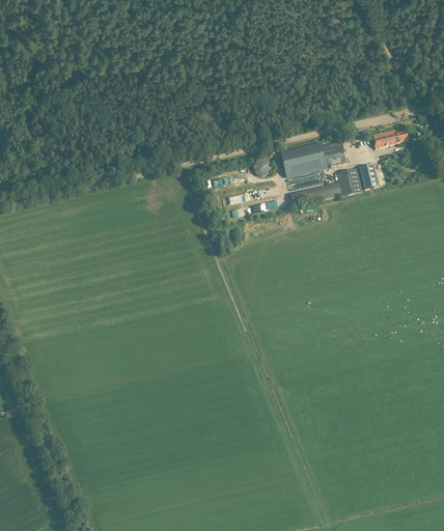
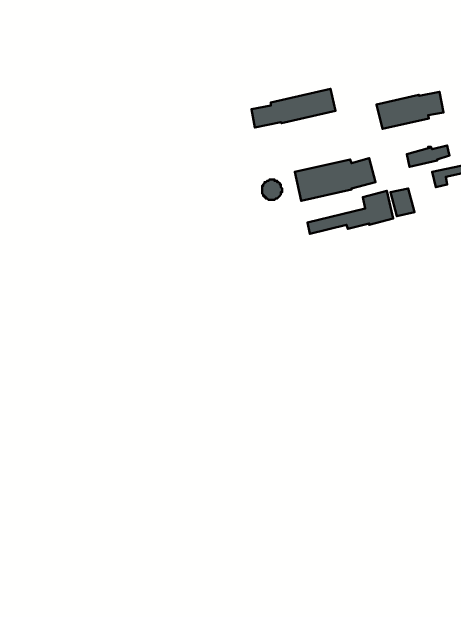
building: none -> [252,89,336,128]
building: none -> [377,92,443,129]

